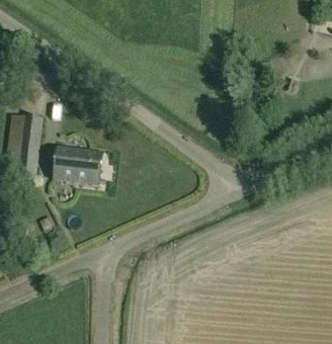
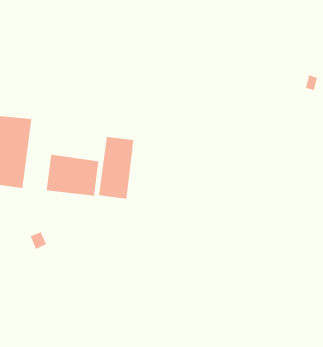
building: none -> [99,136,134,200]

